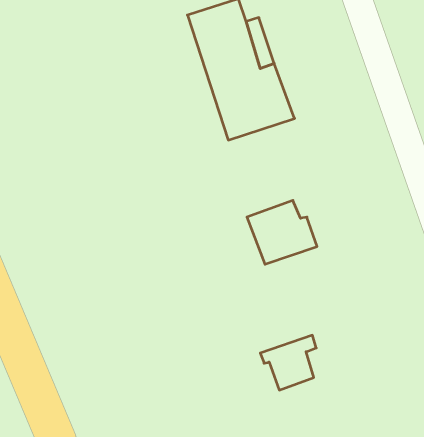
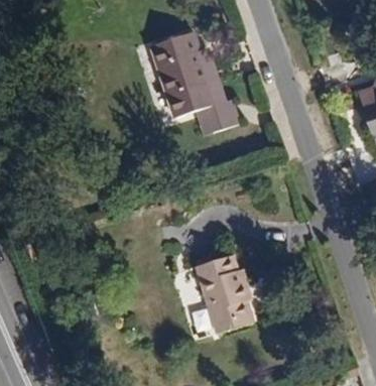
building: [247,200,317,264] -> [193,257,248,307]

